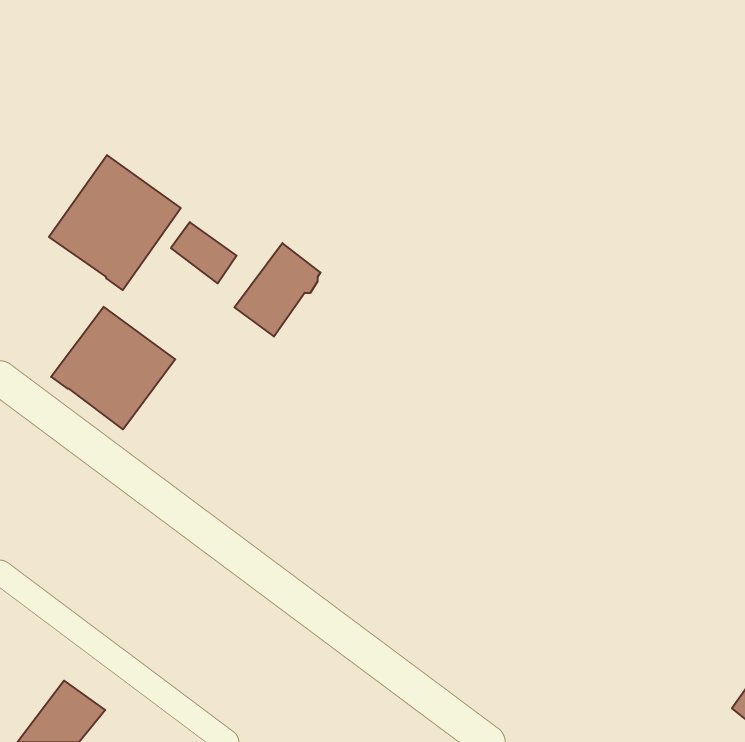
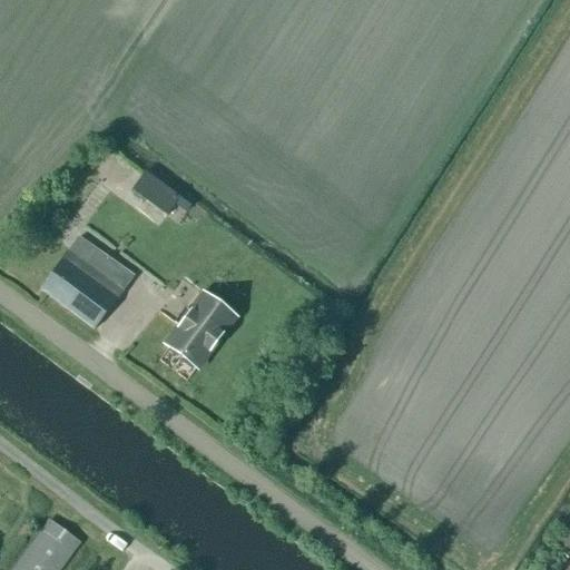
building: [49,155,181,290] -> none
building: [234,243,321,337] -> [168,294,234,365]

